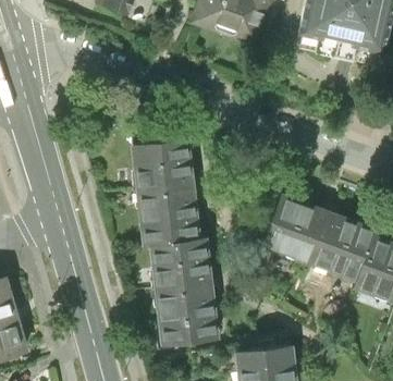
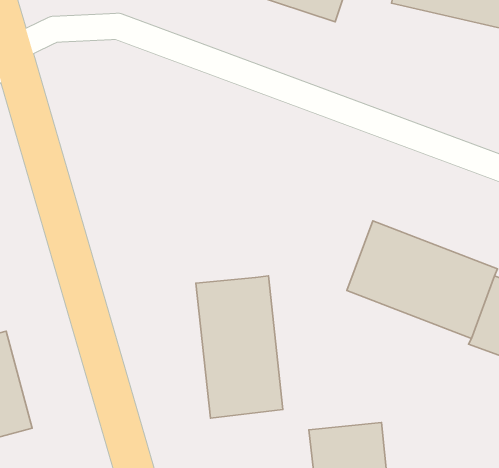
building: [134,138,195,243] -> none

